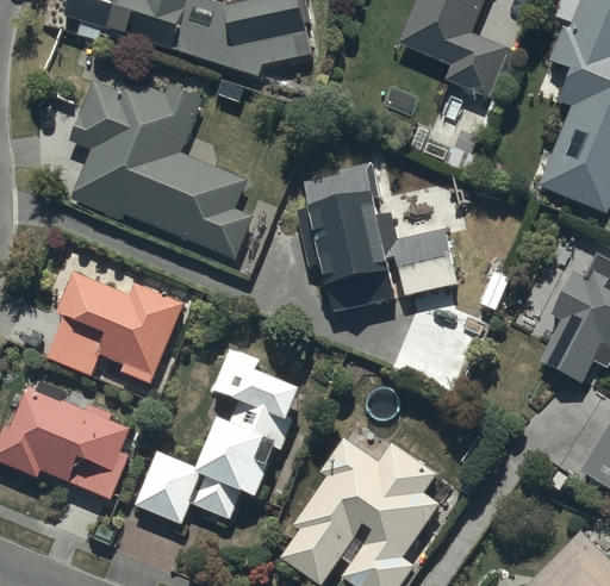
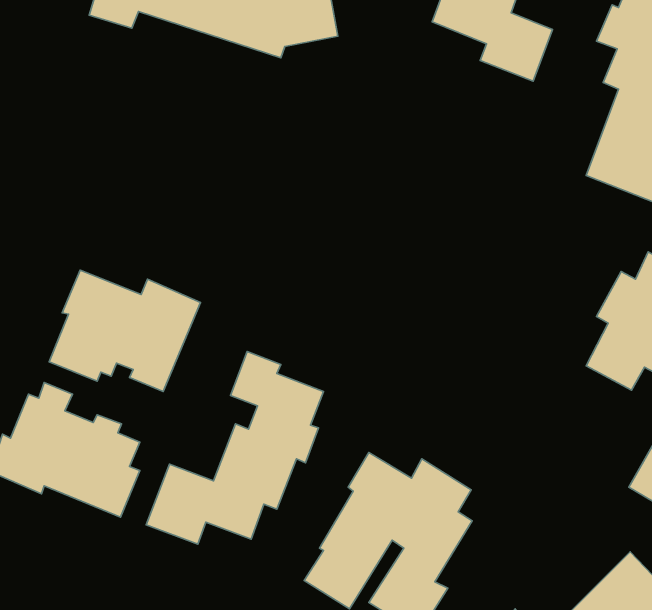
building: [70,75,251,258] -> none
building: [297,161,460,310] -> none

